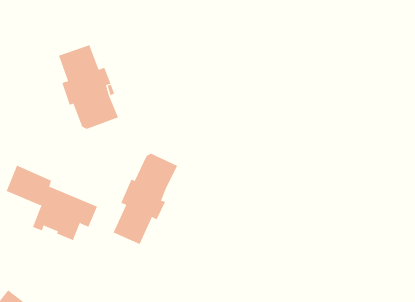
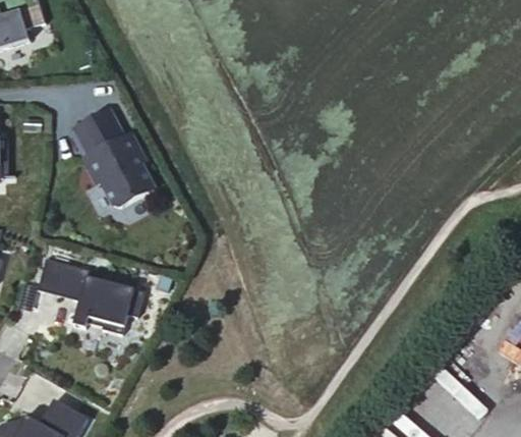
building: [113,153,178,245] -> none

